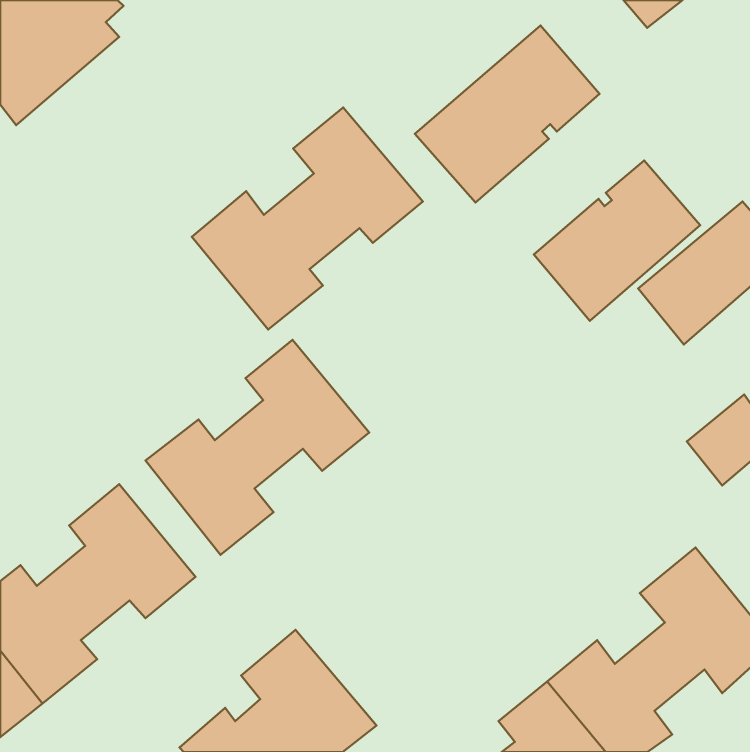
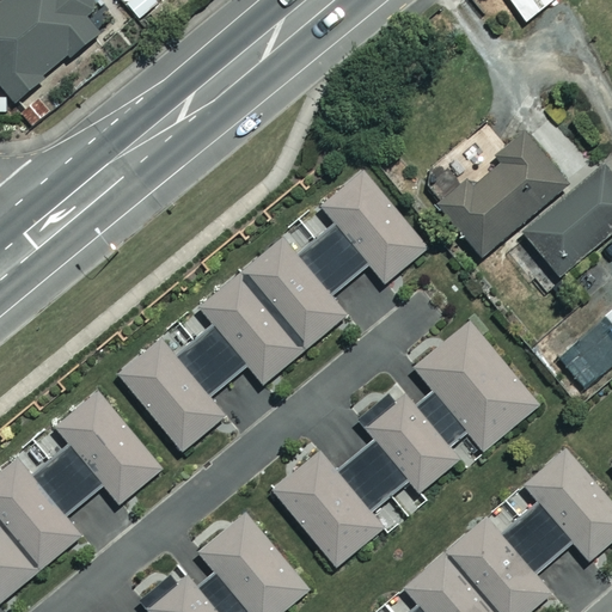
building: [415,25,600,202] -> none
building: [192,107,423,330] -> [239,171,427,351]
building: none -> [271,323,536,567]

